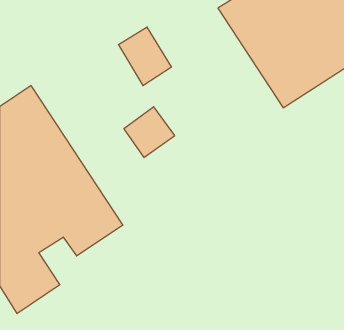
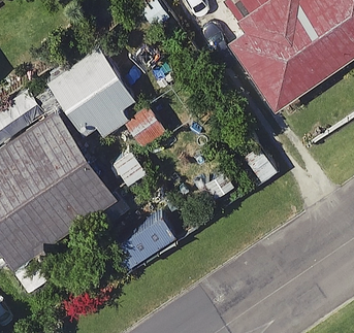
building: none -> [44,47,133,138]

